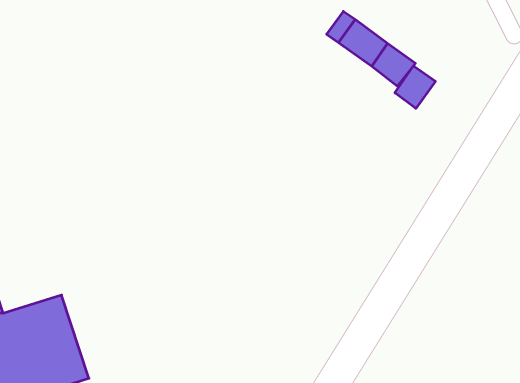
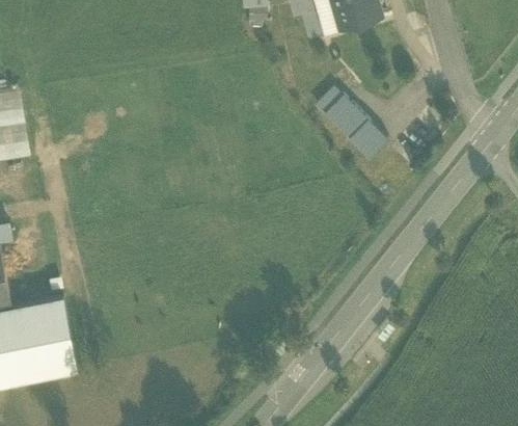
building: [395,66,435,108] -> none

